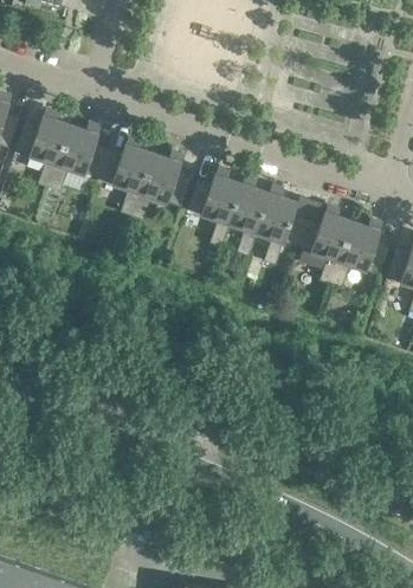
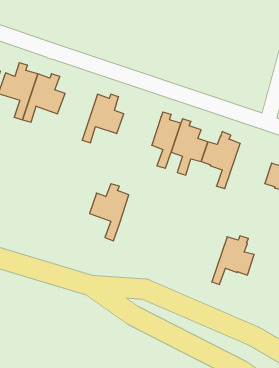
building: [97,137,153,217] -> none
building: [187,168,241,247] -> [90,184,129,241]
building: [330,220,389,287] -> [212,236,254,284]

